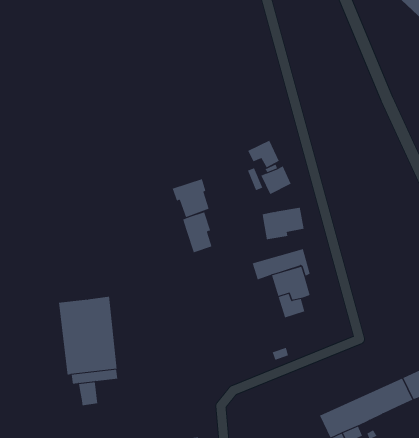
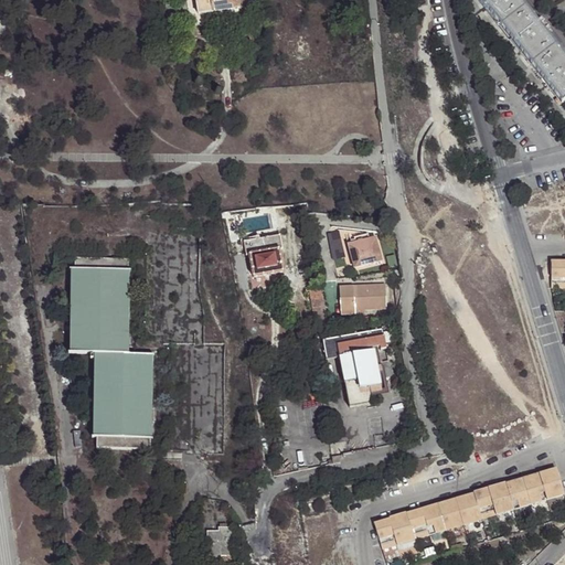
building: [248,140,280,168] -> none
building: [183,212,212,253] -> none
building: none -> [70,263,129,353]
building: [78,381,98,406] -> none

